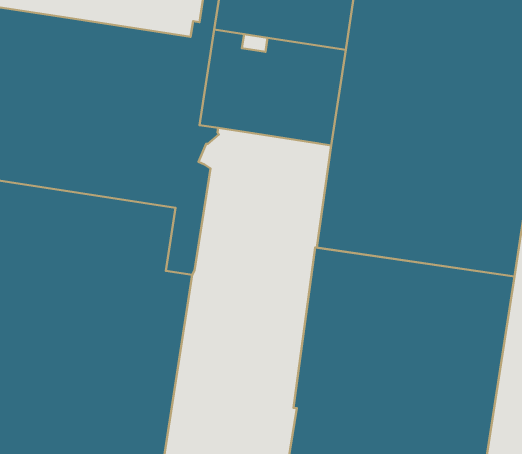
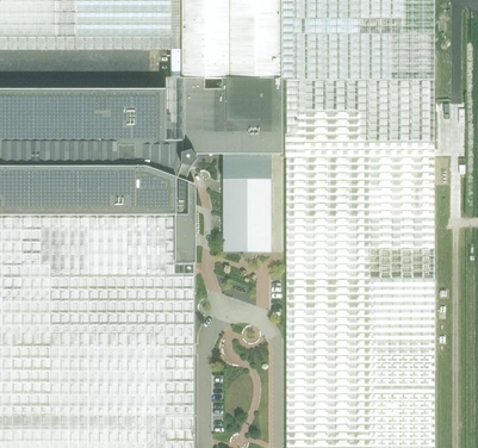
building: none -> [223,155,272,253]

